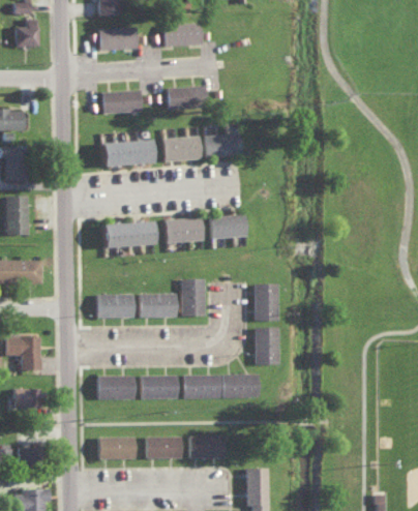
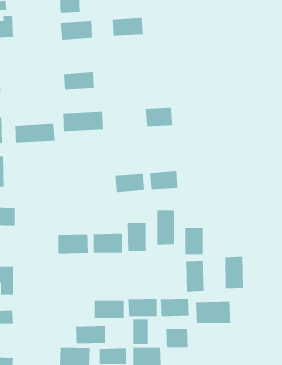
building: [167,85,206,111] -> none
building: [161,134,200,162] -> none
building: [103,222,155,248] -> [14,123,56,144]
building: none -> [157,210,175,245]
building: none -> [225,256,244,289]
building: [96,375,135,399] -> [75,325,106,344]
building: none -> [195,301,231,324]
building: none -> [133,319,149,345]
building: none -> [166,328,189,348]

